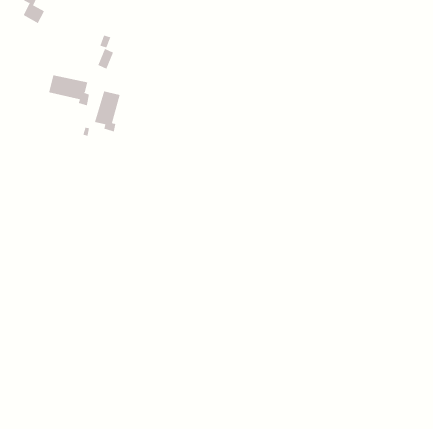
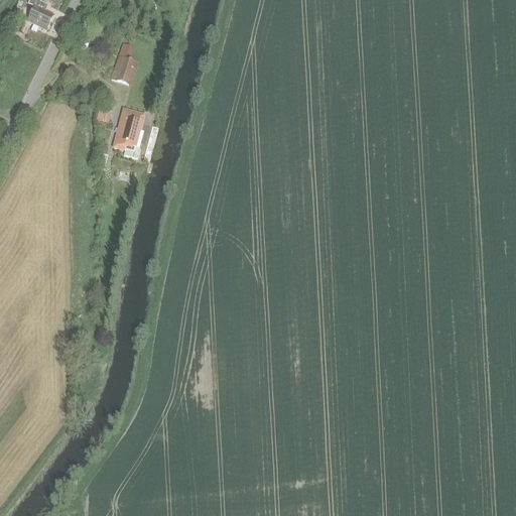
building: [48,75,90,106] -> none

